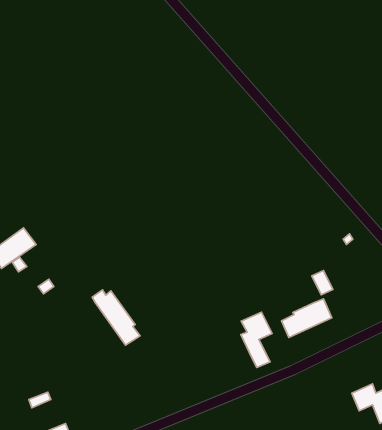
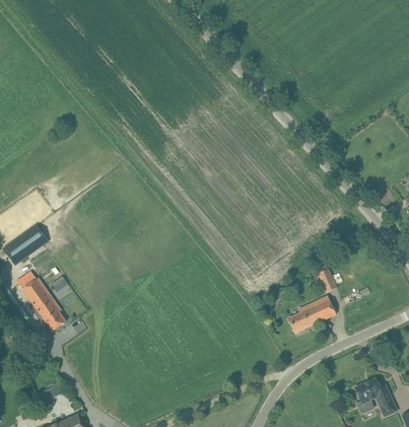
building: [92,290,140,345] -> [18,276,65,330]
building: [241,312,272,368] -> none

